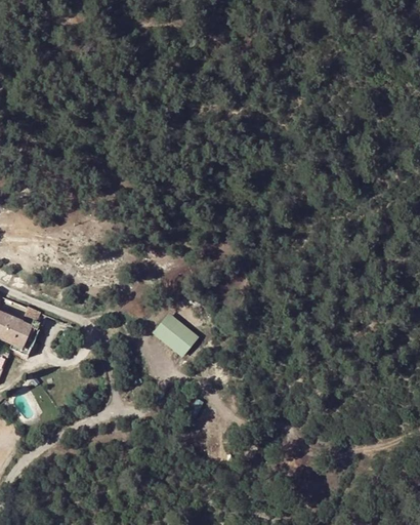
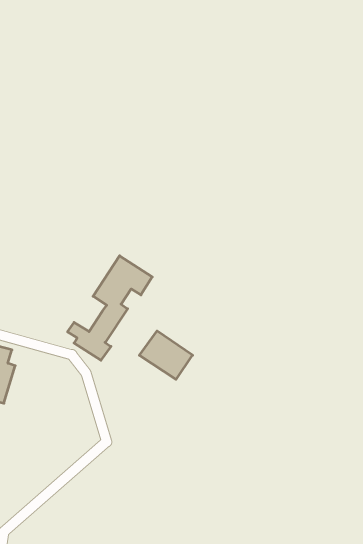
building: none -> [68,256,152,360]

